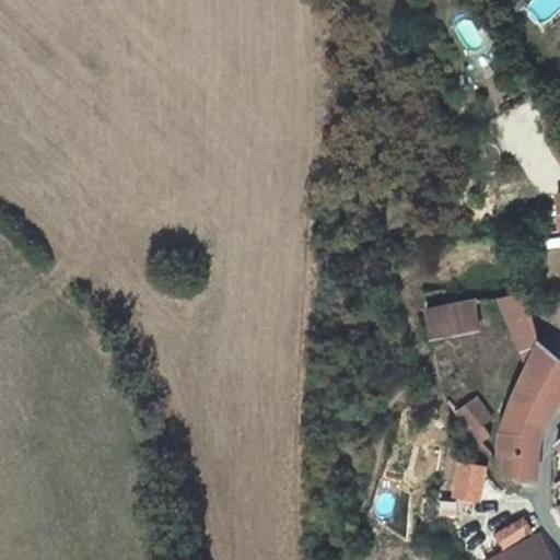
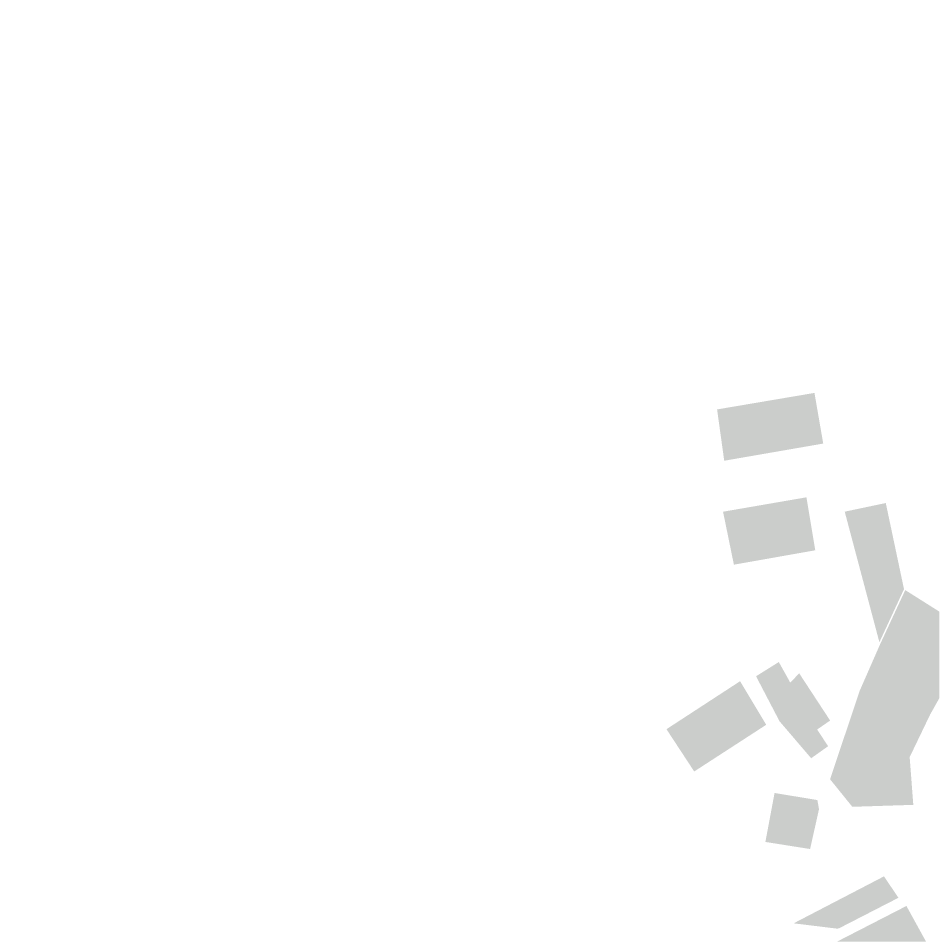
building: none -> [717,392,824,462]
building: none -> [665,680,767,772]

